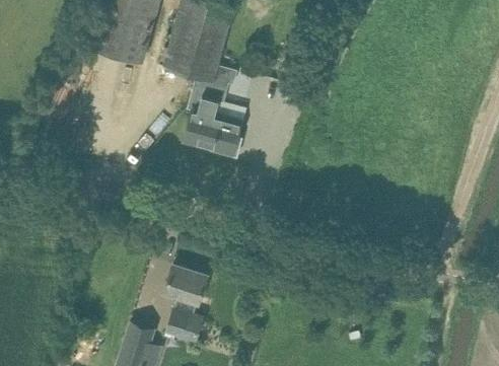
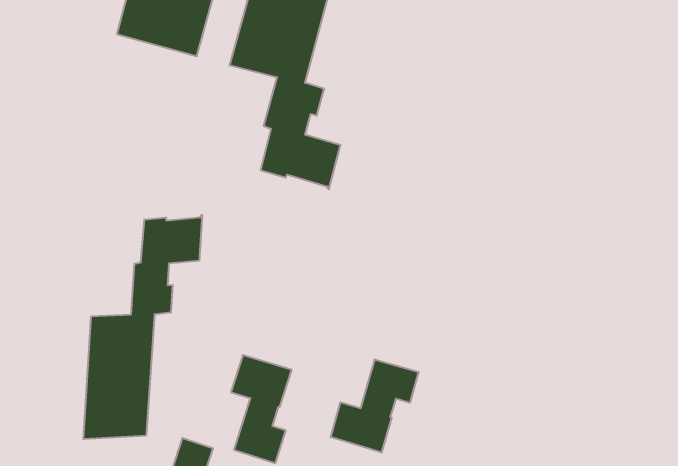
building: none -> [84,215,202,439]
building: none -> [331,359,419,453]

